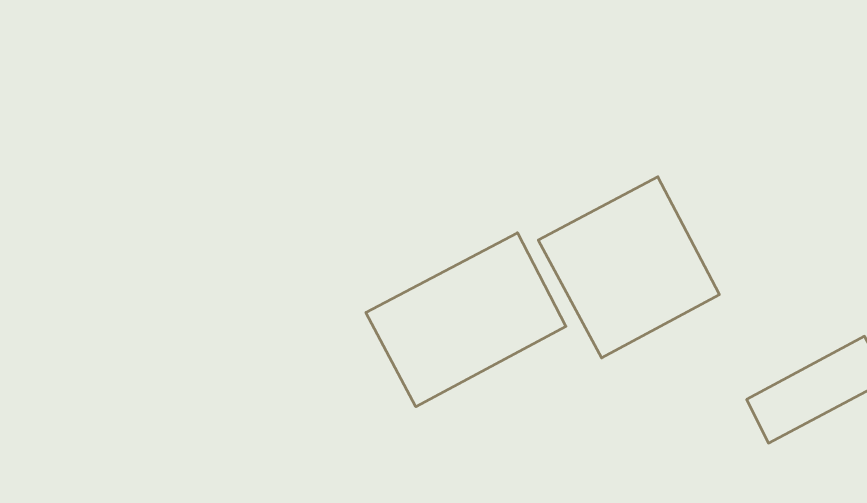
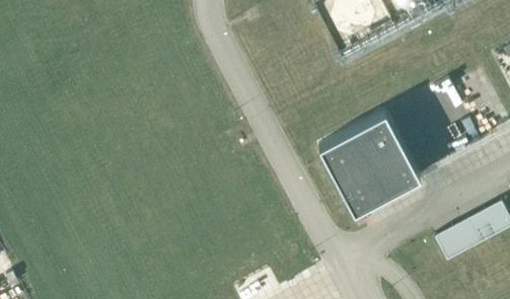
building: [366,233,566,407] -> none

